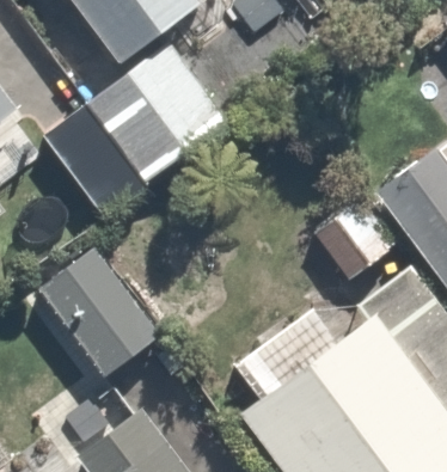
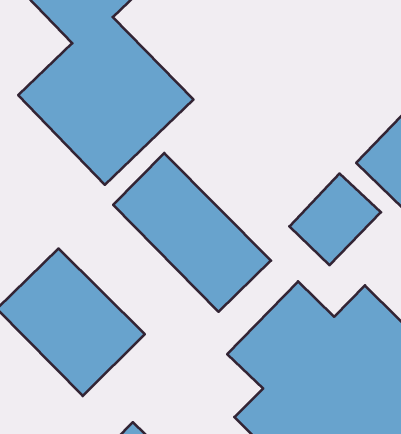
building: none -> [113,153,271,312]

